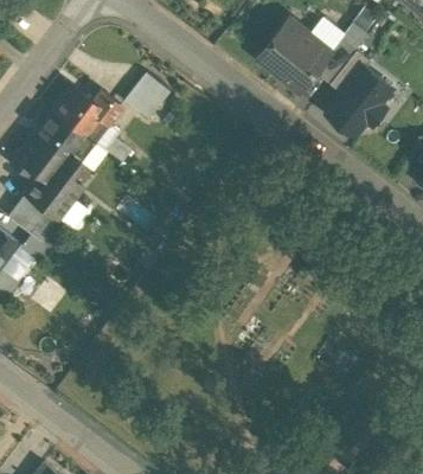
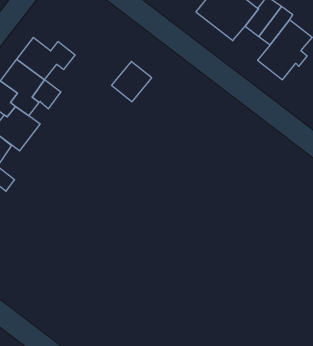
building: [126,75,172,121] -> [112,61,152,102]

